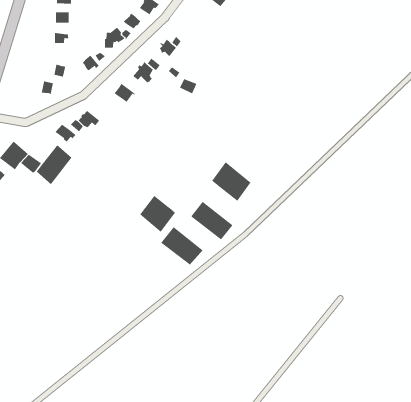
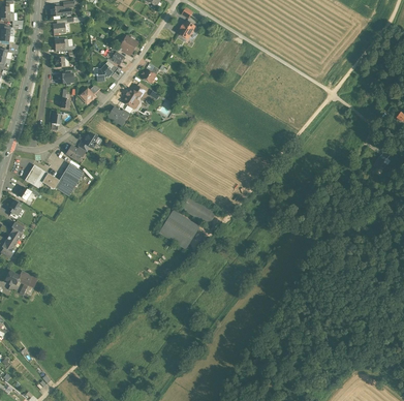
building: [211,161,252,202] -> none
building: [139,195,176,233] -> none

